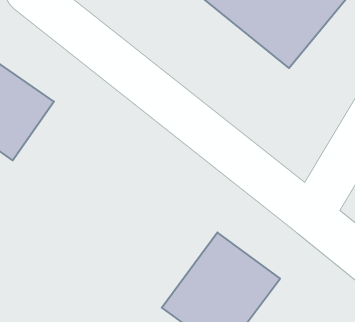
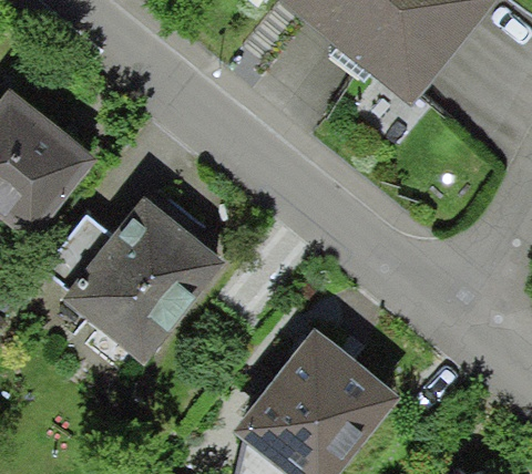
building: none -> [63,193,231,365]

